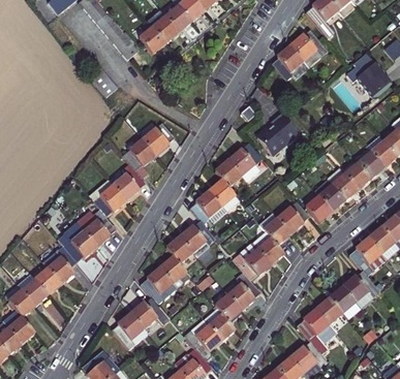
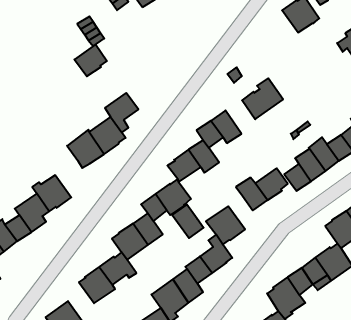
building: [271,45,308,81] -> none
building: [143,123,175,155] -> [74,44,107,76]
building: [80,210,117,247] -> none
building: [252,231,284,264] -> [172,204,204,238]

